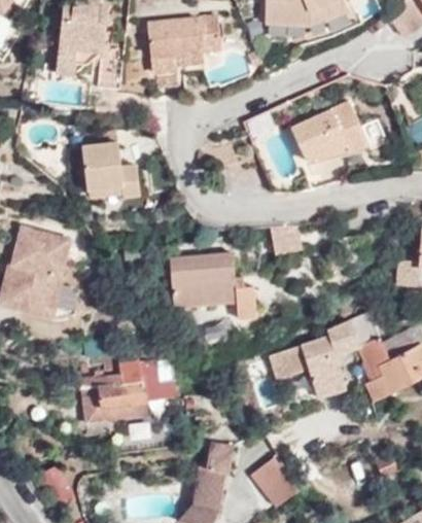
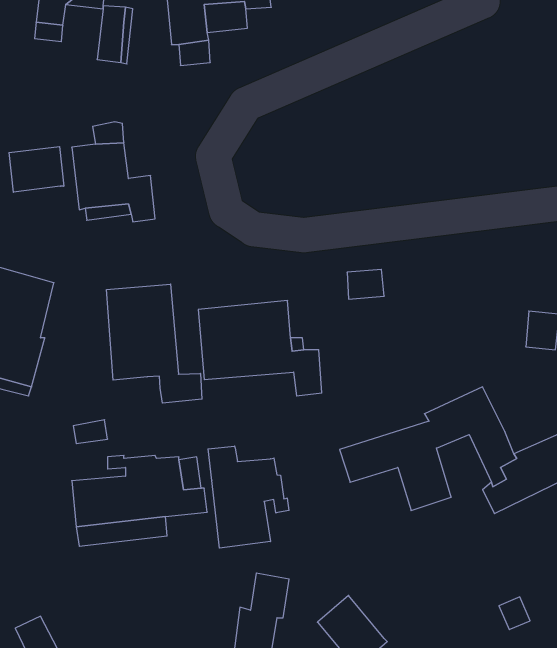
building: [292,102,367,161] -> none
building: none -> [9,147,64,192]
building: none -> [107,284,202,403]
building: none -> [208,446,289,548]

